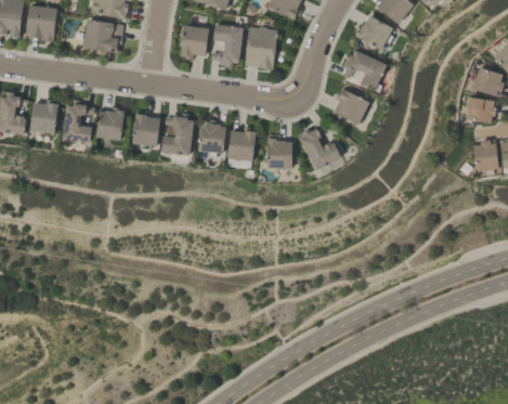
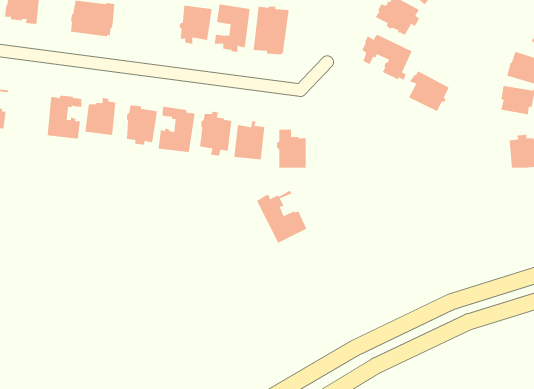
building: [333,89,369,126] -> [408,71,450,112]
building: [29,100,57,135] -> none
building: [297,125,342,172] -> [256,190,307,244]

